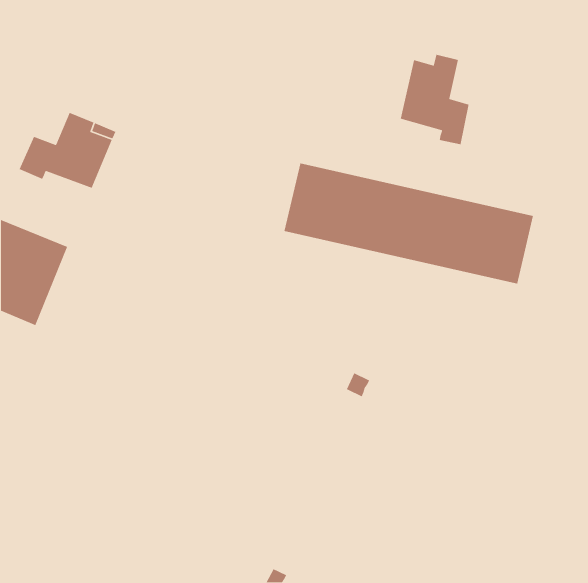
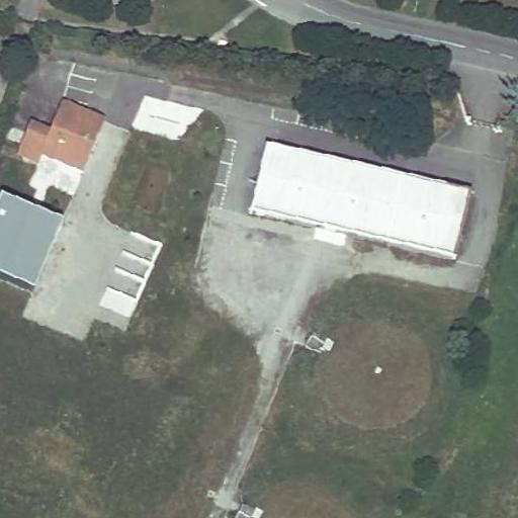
building: [400,54,470,145] -> none

